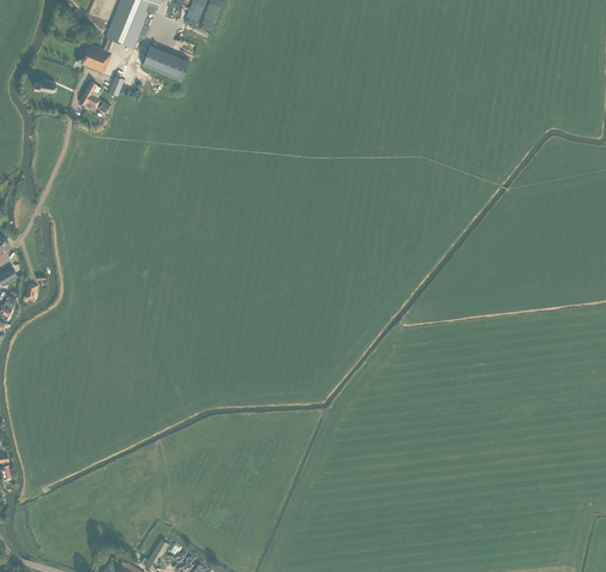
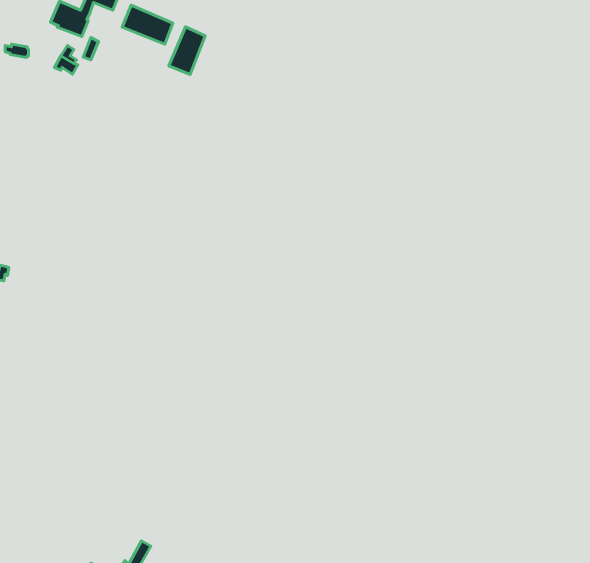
building: none -> [169,27,205,75]

